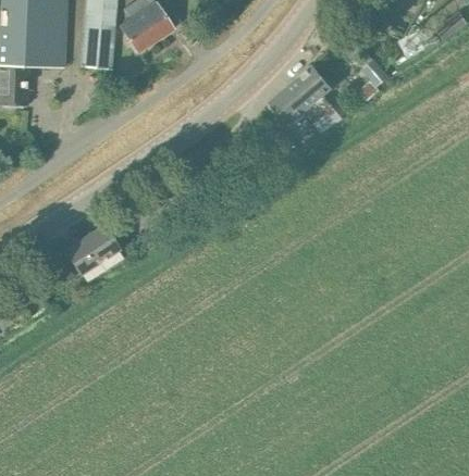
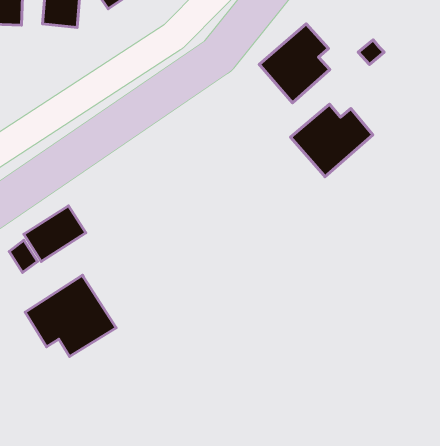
building: none -> [290,104,373,177]
building: none -> [25,275,116,357]

